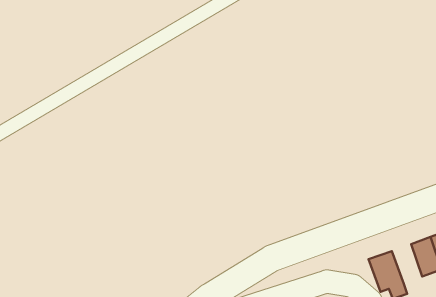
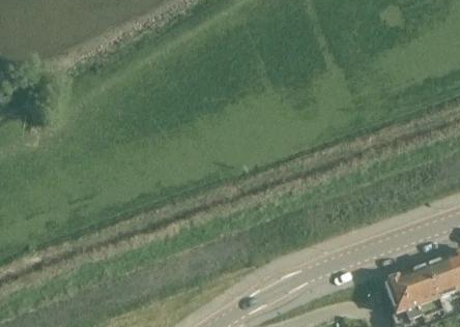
building: none -> [407,264,438,304]

